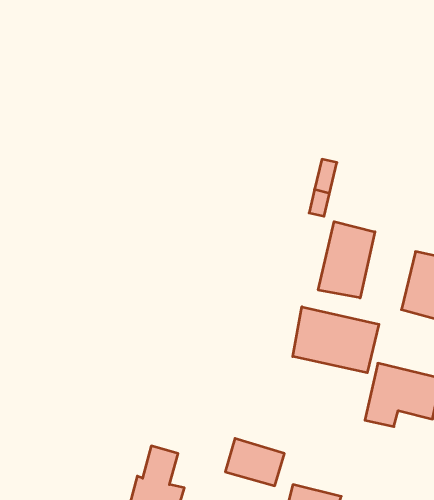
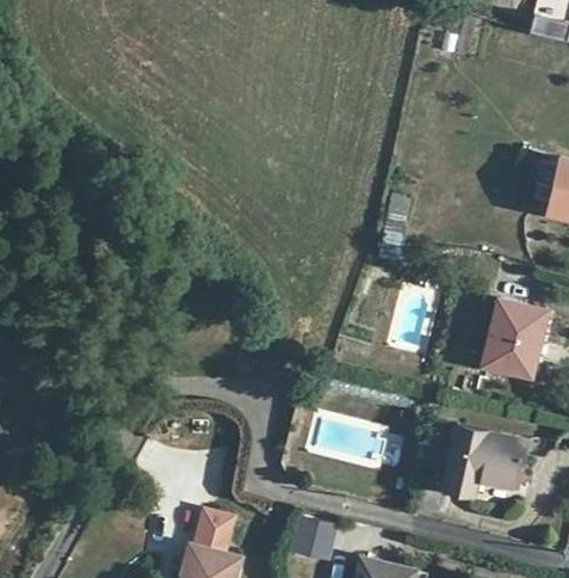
building: [318,222,375,298] -> none
building: [293,307,379,373] -> none

